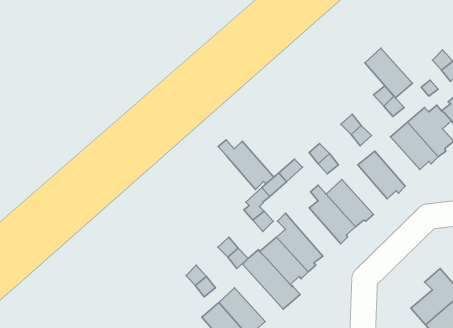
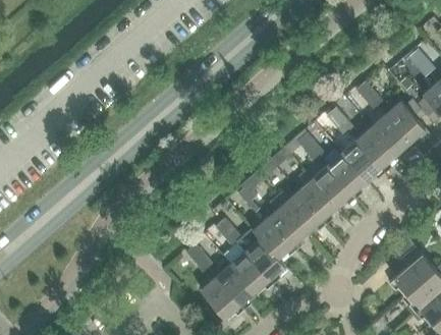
building: [365,48,412,98] -> [356,126,399,171]
building: [218,140,274,189] -> [276,189,326,234]
building: none -> [327,152,370,197]
building: none -> [230,250,274,293]

